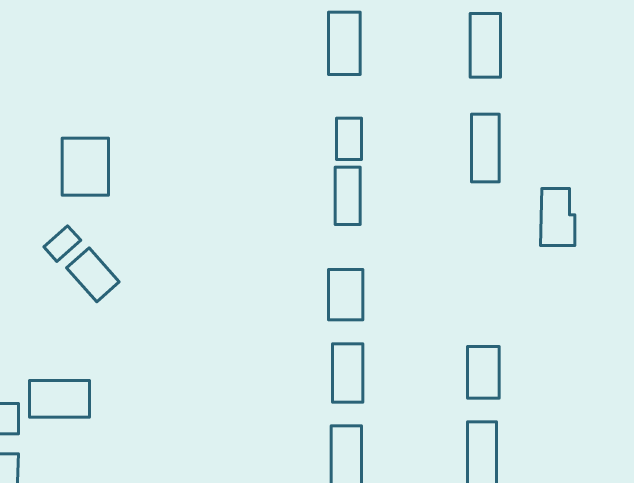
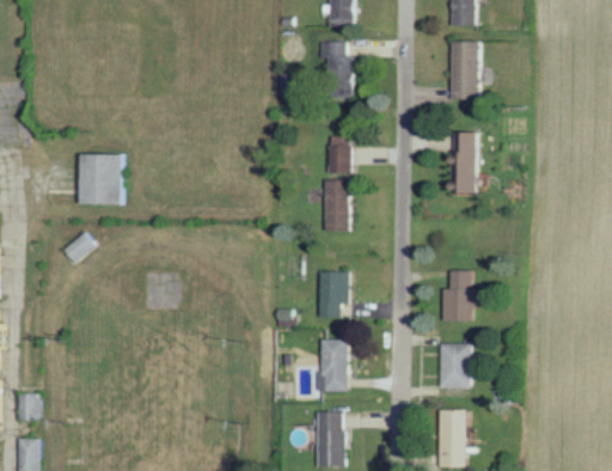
building: [540,188,575,245] -> [446,270,477,322]
building: [67,248,119,302] -> none
building: [29,380,90,417] -> none

